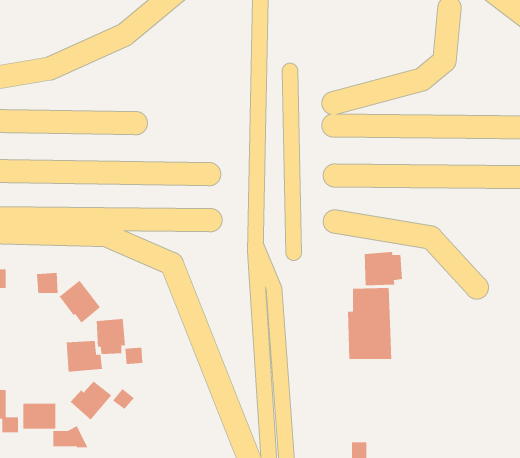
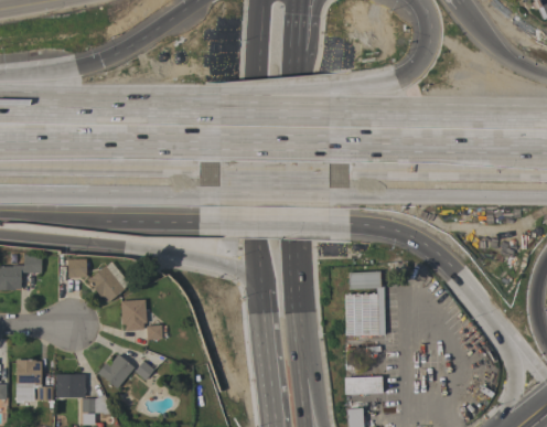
building: [364,251,402,286] -> none
building: [66,340,102,372] -> none
building: none -> [343,376,382,394]

